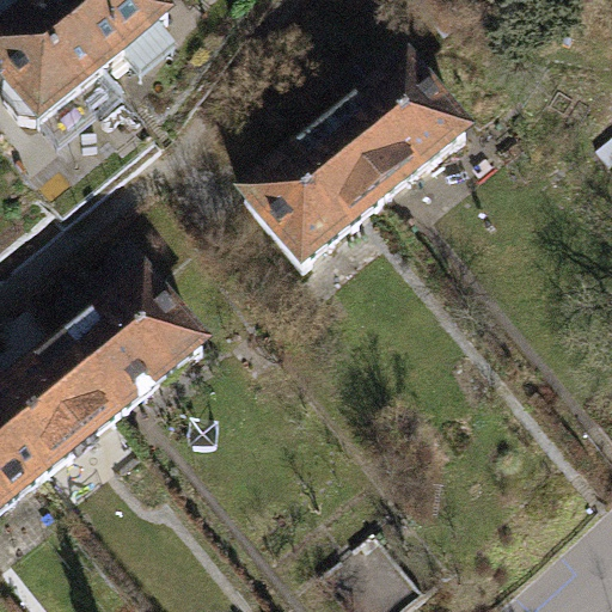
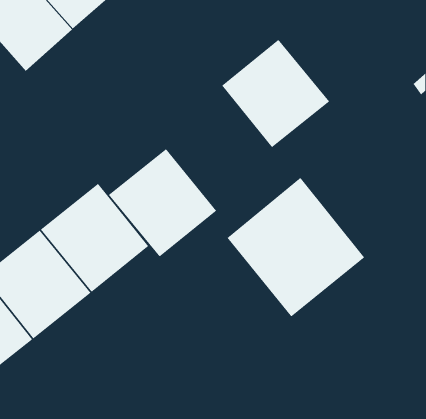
building: [230,121,384,275] -> [108,148,217,257]
building: none -> [227,177,365,318]

